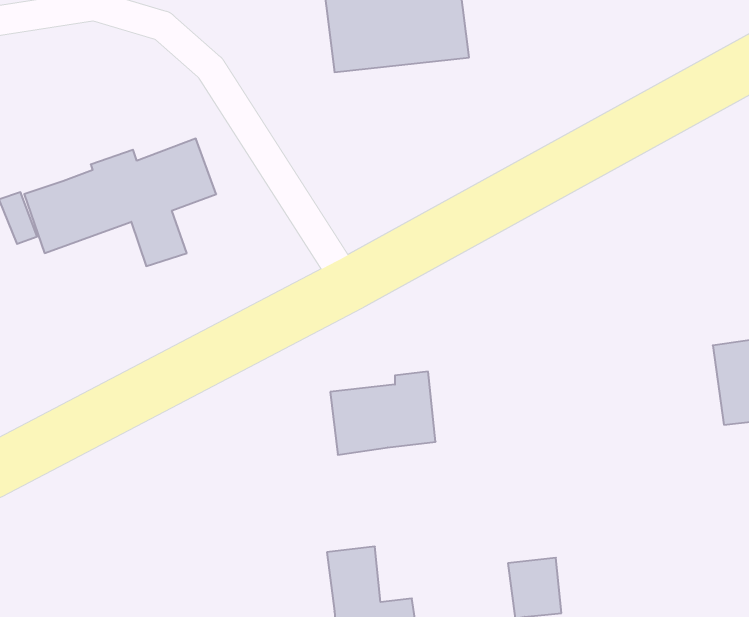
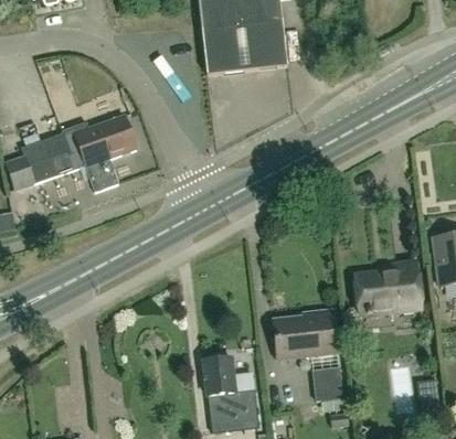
building: [330,372,436,455] -> [274,308,337,357]
building: none -> [356,261,420,314]

